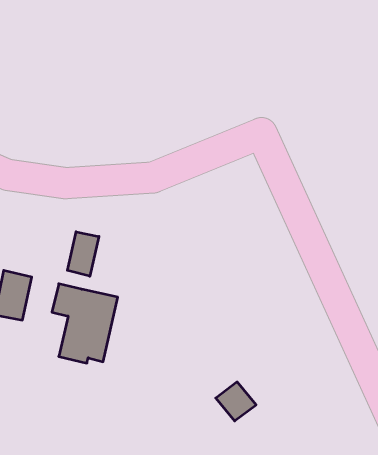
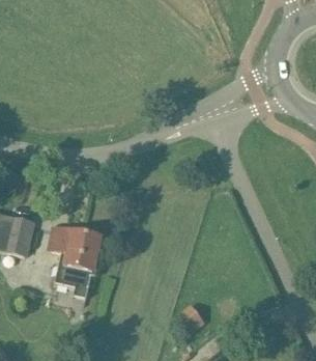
building: [67,232,99,276] -> none

